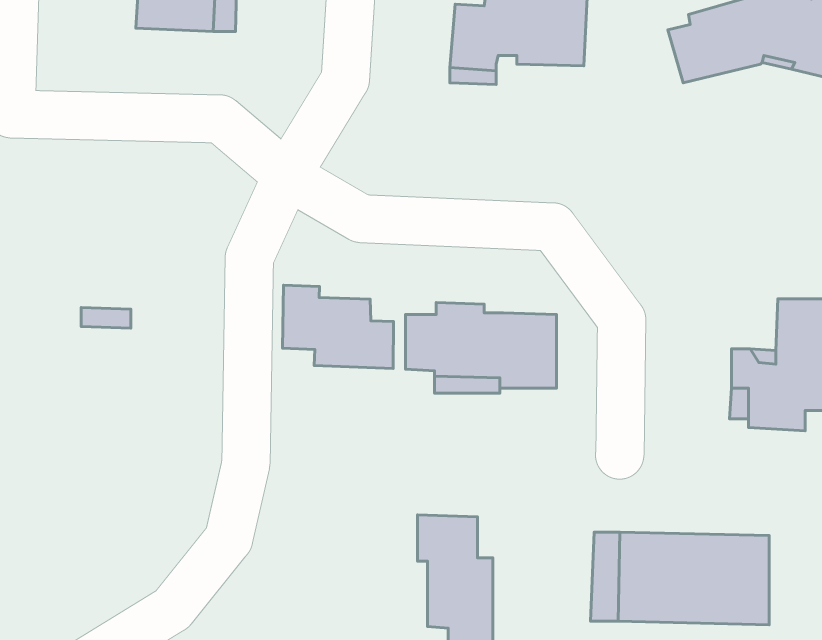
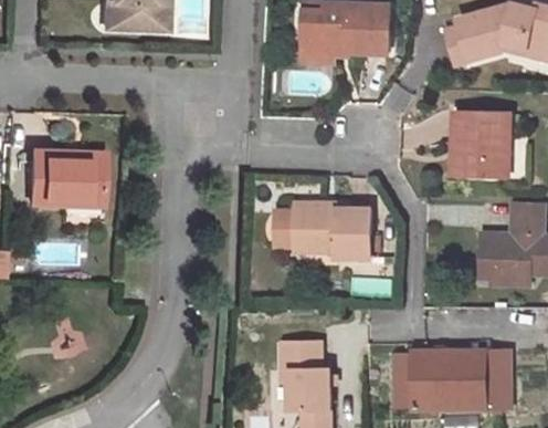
building: none -> [454,112,509,175]
building: none -> [30,150,102,205]
building: [283,285,394,368] -> none

